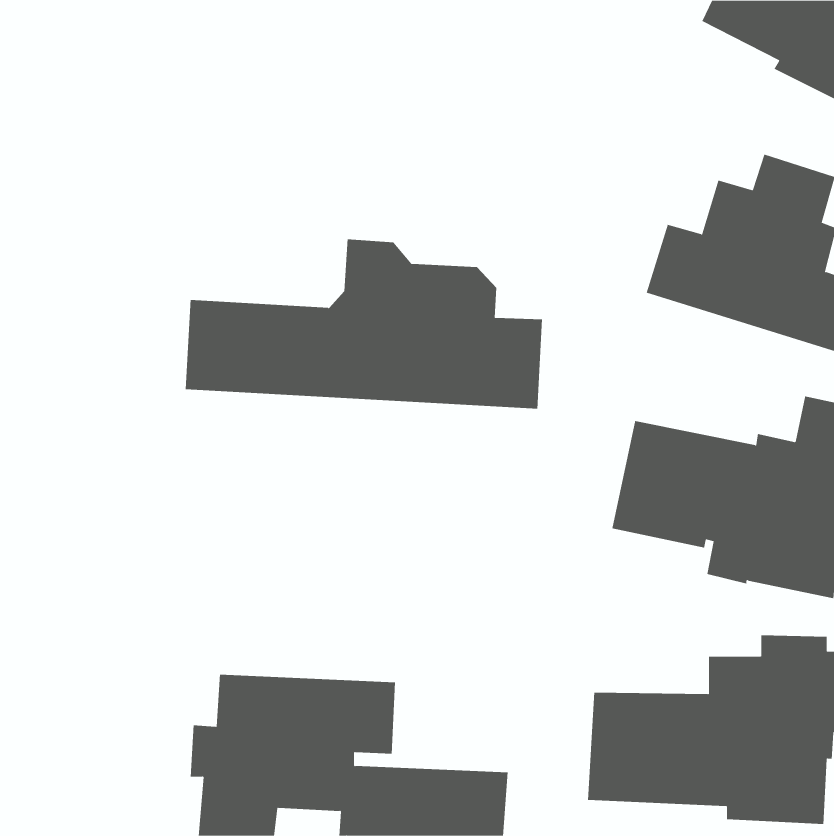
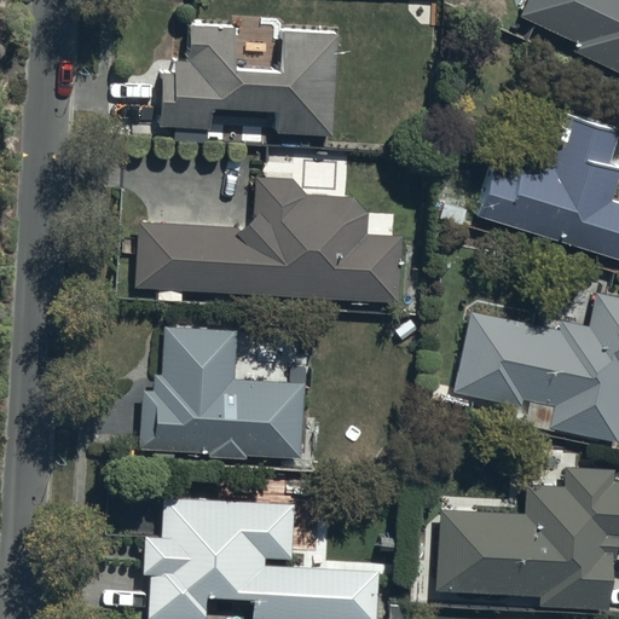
building: none -> [158,24,336,135]
building: none -> [140,326,307,459]

